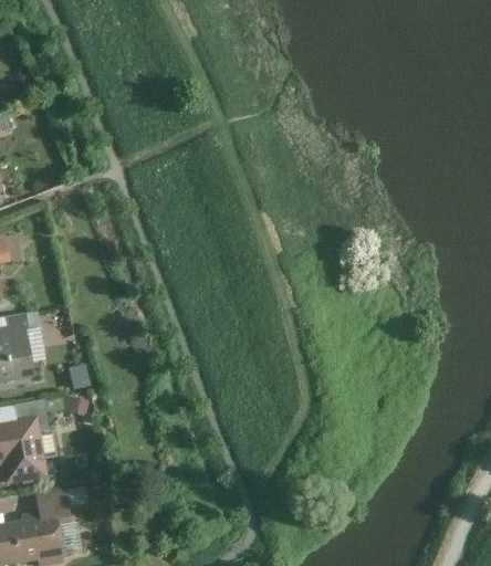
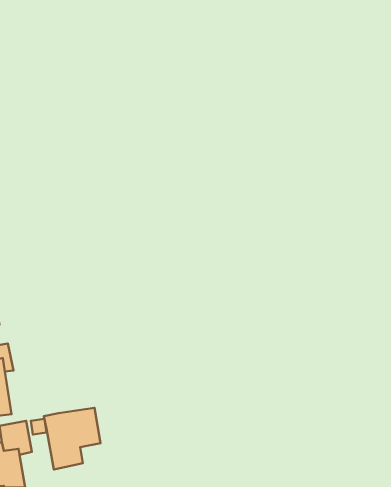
building: none -> [44,408,100,470]

